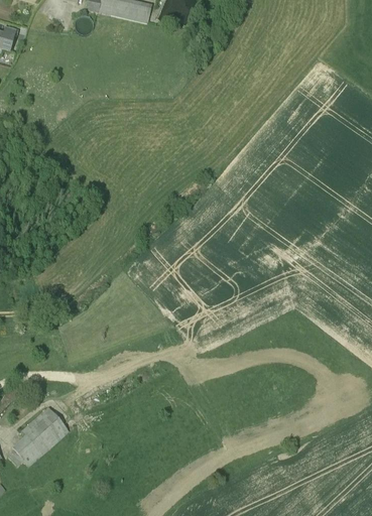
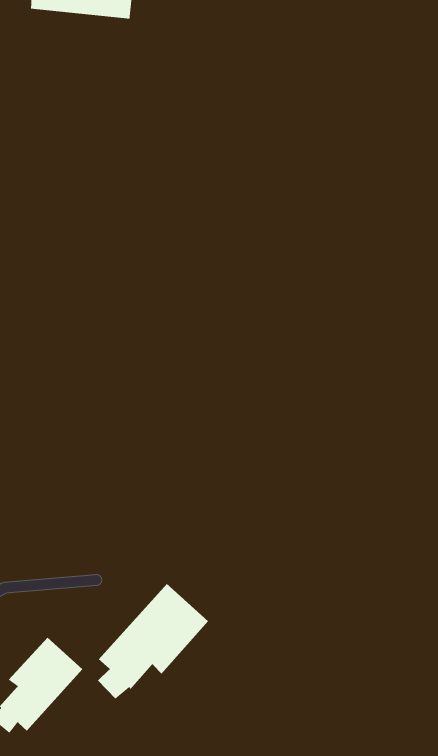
building: none -> [97,583,209,699]

